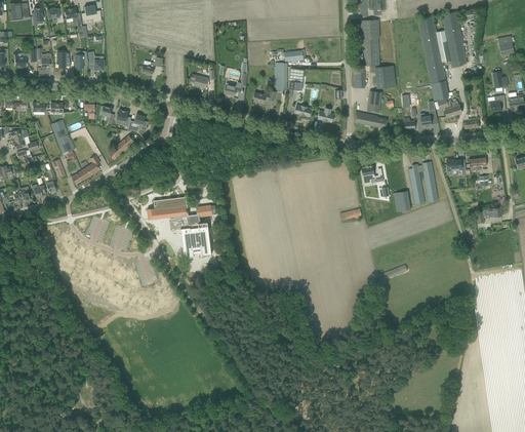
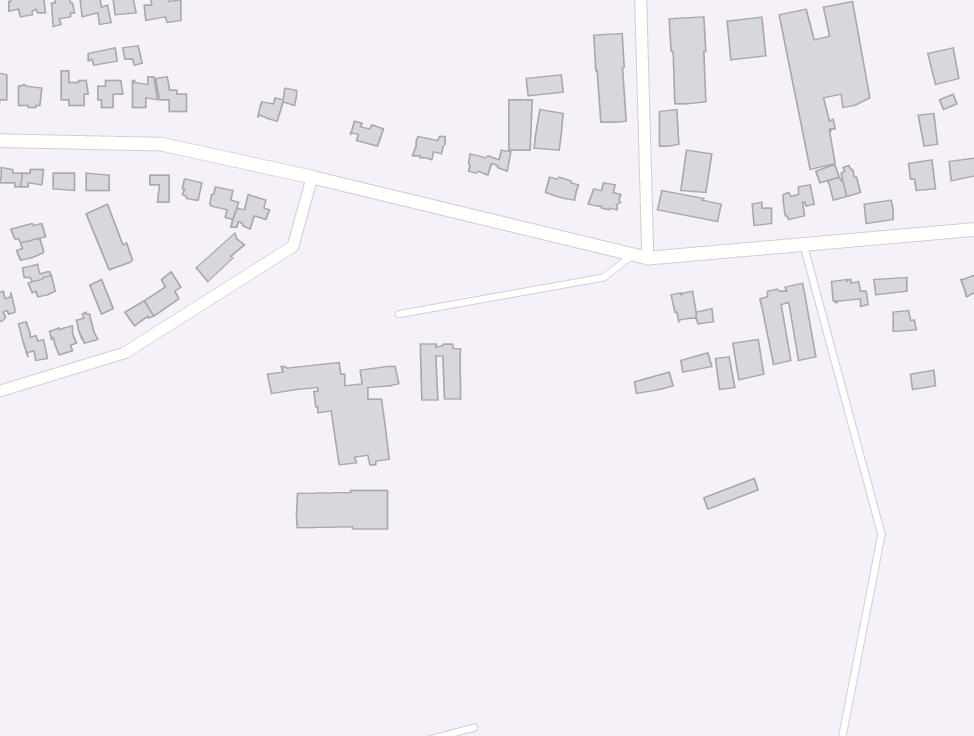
building: none -> [594,33,626,122]
building: [375,66,396,88] -> [727,17,766,60]
building: none -> [421,344,461,400]
building: none -> [296,490,387,529]

